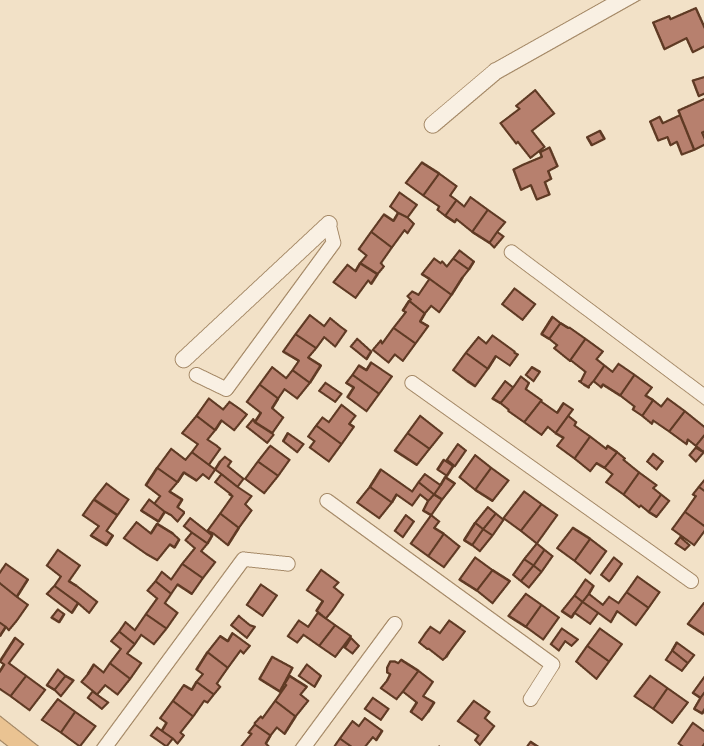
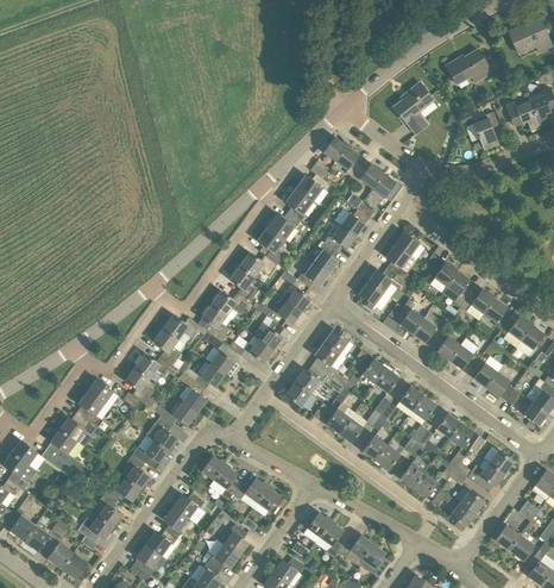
building: none -> [446,50,492,85]
building: [513,147,557,199] -> [466,111,499,150]
building: none -> [258,227,284,264]
building: none -> [385,244,416,280]
building: [124,522,179,560] -> [59,418,101,446]
building: [307,570,343,619] -> [214,464,241,501]
building: [419,621,465,660] -> [339,536,373,565]

